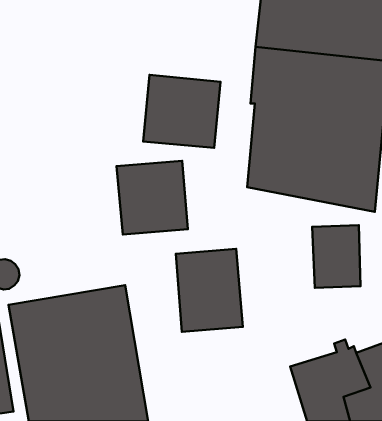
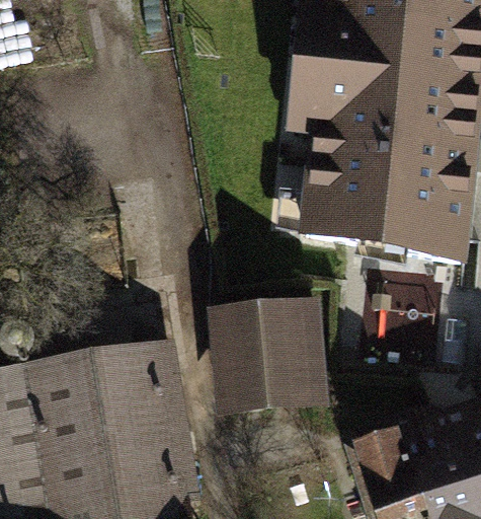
building: [143,75,221,148] -> none
building: [117,161,188,234] -> none

